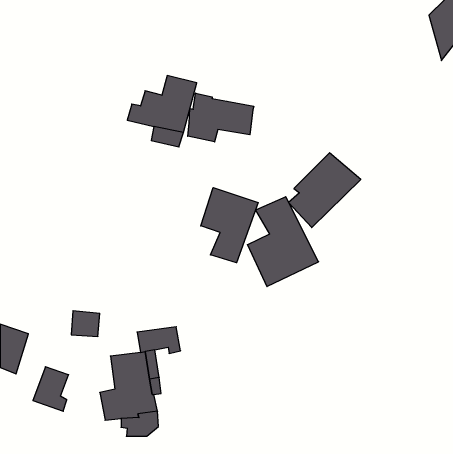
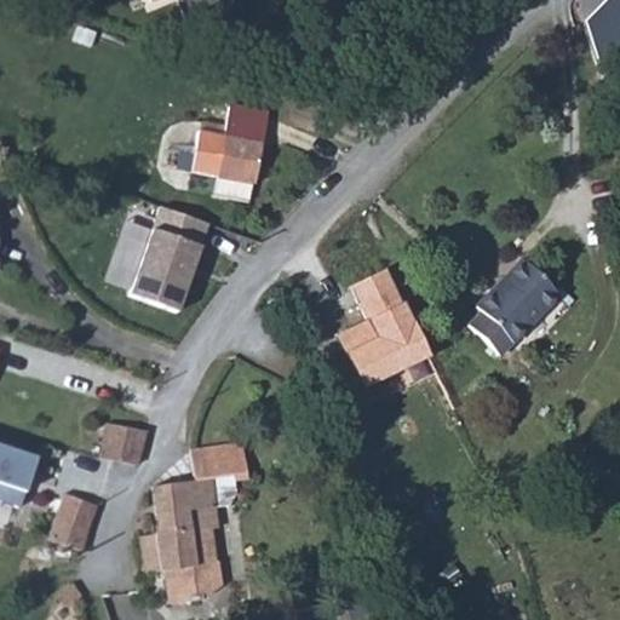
building: [188,93,254,142] -> none
building: none -> [130,205,209,315]
building: [289,153,361,228] -> [469,254,567,356]
building: [201,188,258,263] -> none

